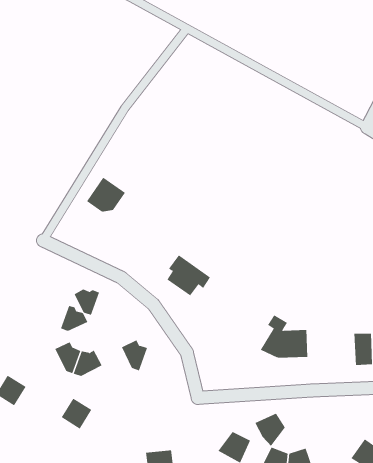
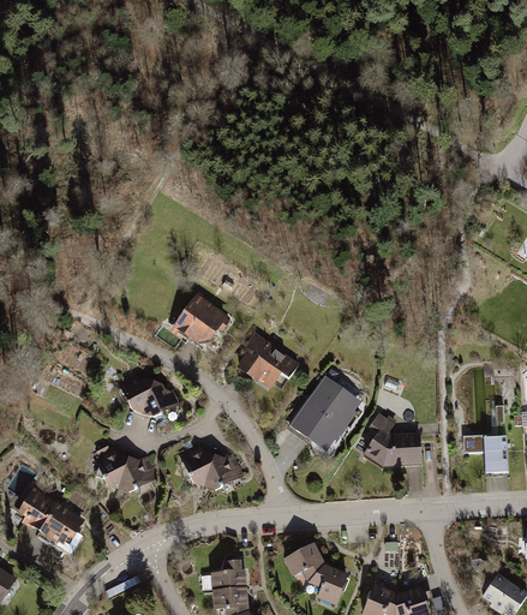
building: [86,177,126,212] -> [175,297,227,342]
building: none -> [293,382,358,450]
building: [60,305,88,331] -> [143,383,179,417]
building: none -> [205,455,244,489]
building: [61,398,92,429] -> [43,506,84,547]
building: [254,413,286,447] -> [285,544,325,589]
building: none -> [211,559,247,591]

